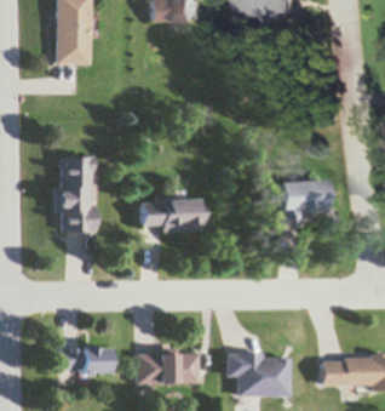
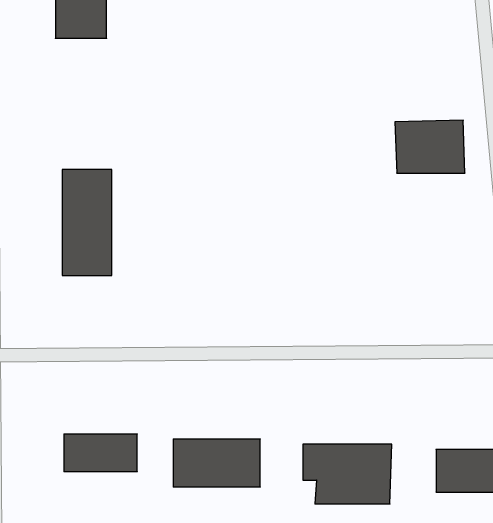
building: [275,182,324,219] -> [395,120,465,173]
building: [139,201,202,233] -> none

